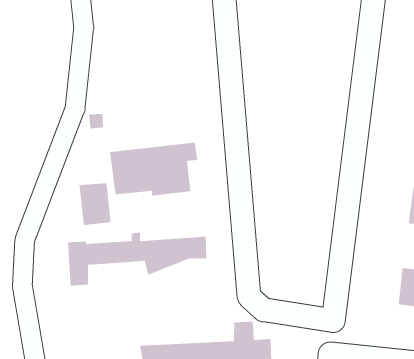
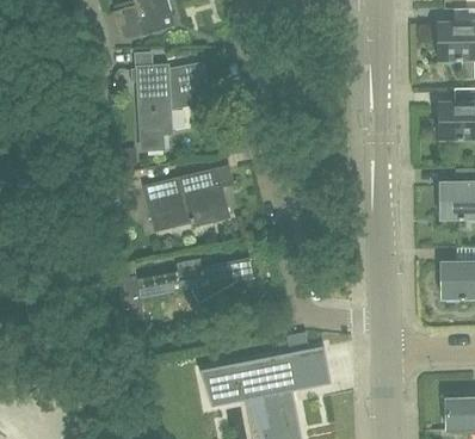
building: none -> [131,51,211,148]
building: [79,182,111,226] -> none

